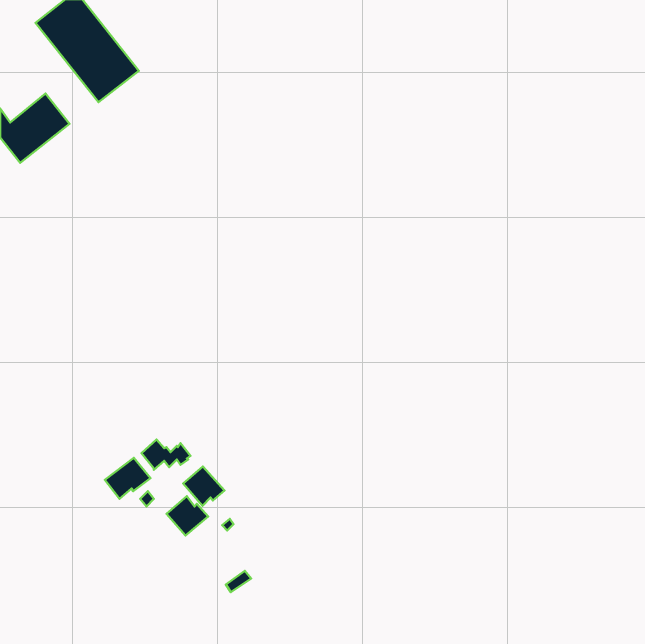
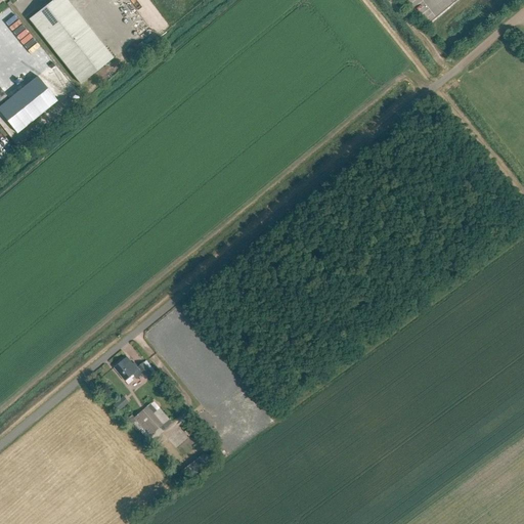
building: [105,458,150,499] -> none
building: [183,467,225,506] -> none

